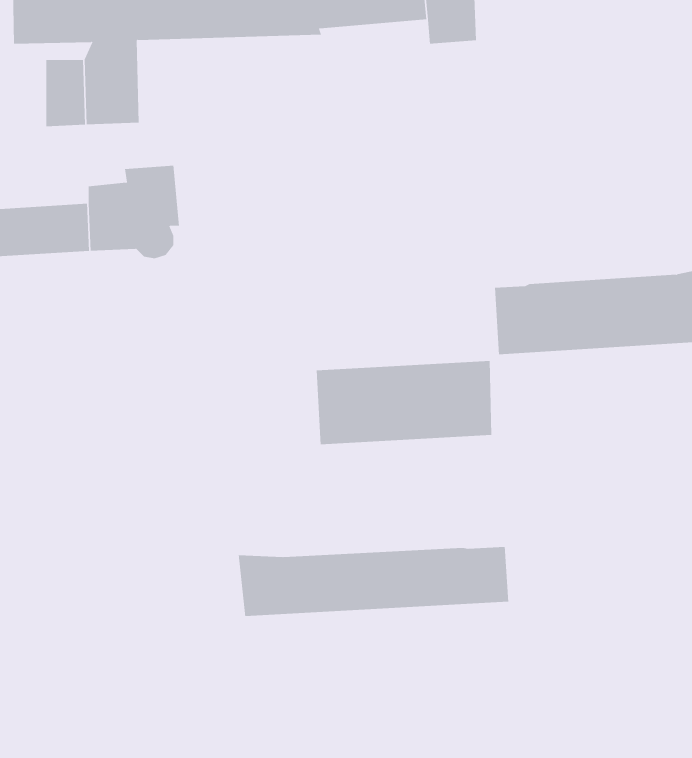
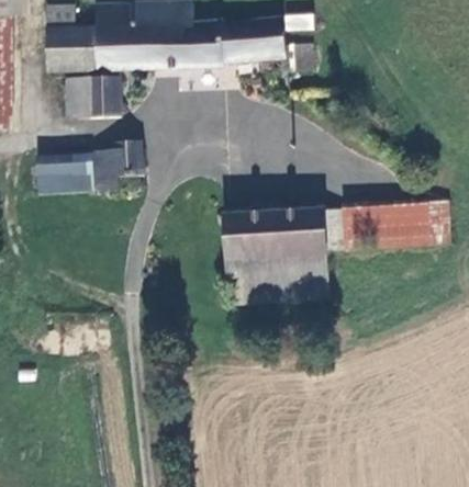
building: none -> [220,208,324,257]
building: [238,546,509,617] -> none

